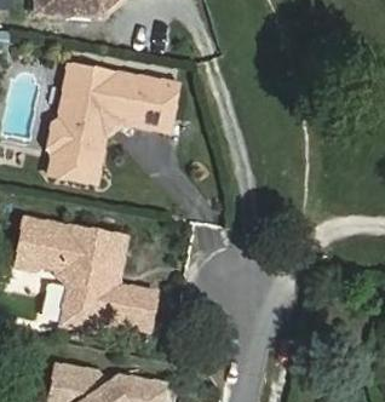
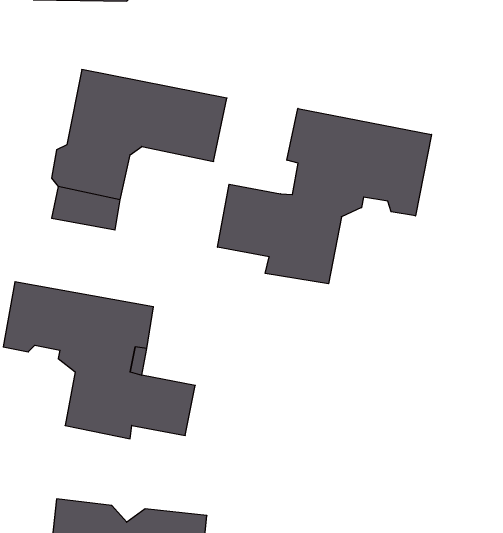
building: none -> [218,108,431,284]

